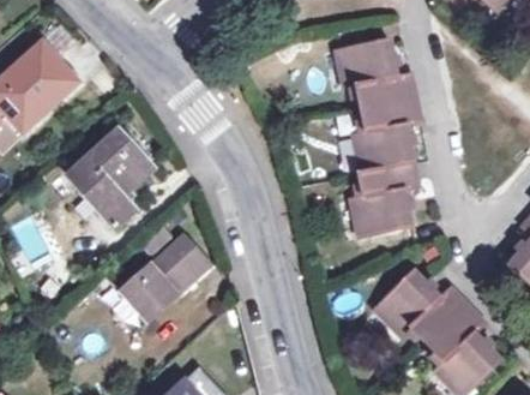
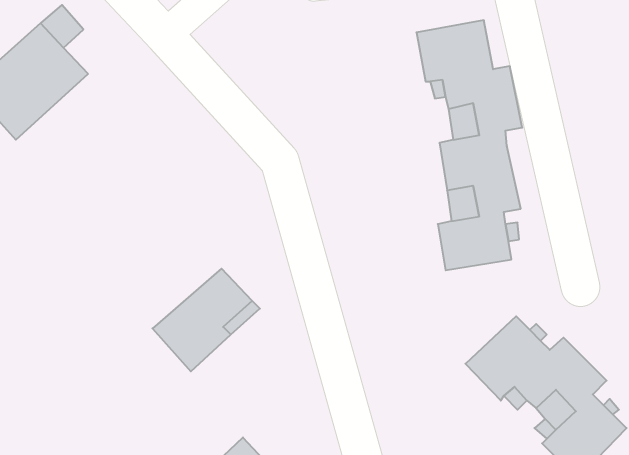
building: [68,128,153,227] -> none

